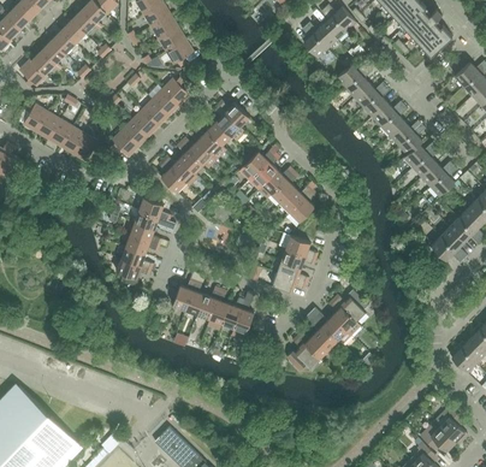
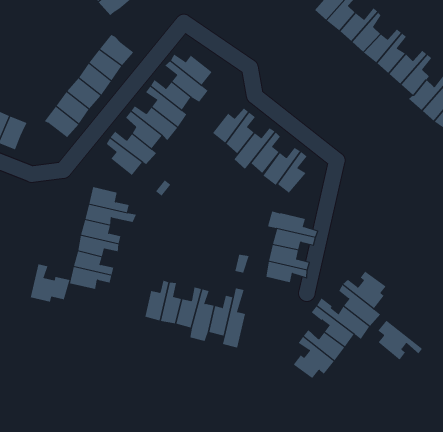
building: none -> [30,264,70,303]
building: none -> [378,320,423,360]

